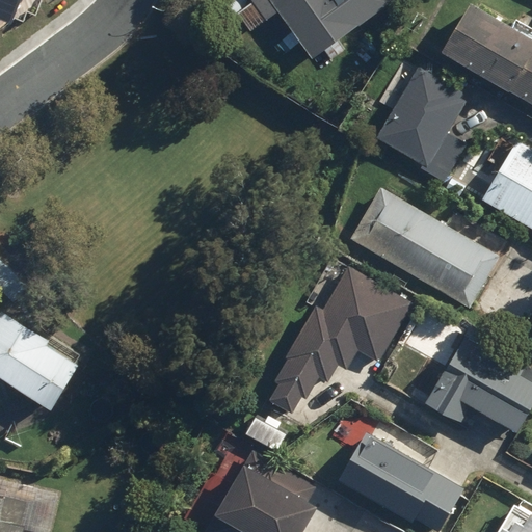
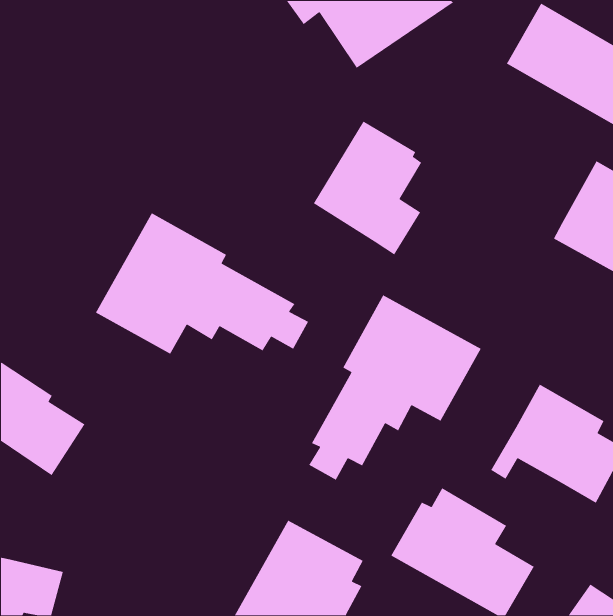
building: [374,64,469,181] -> [313,120,422,255]
building: none -> [95,212,309,355]
building: [346,185,501,310] -> none

